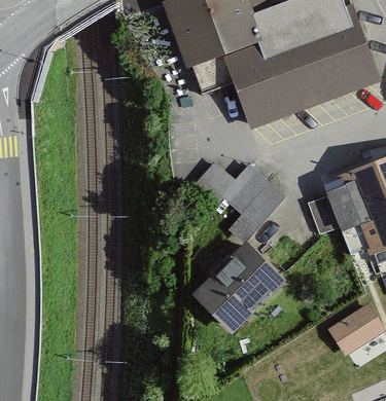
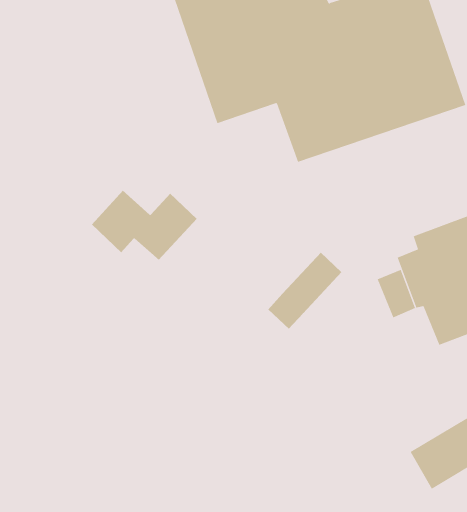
building: [191,163,268,214] -> [91,190,198,260]
building: [190,245,281,335] -> none

